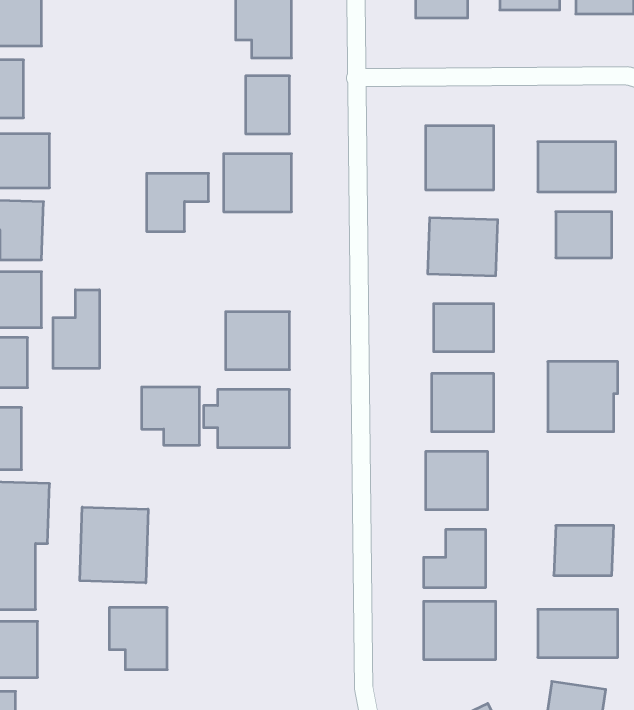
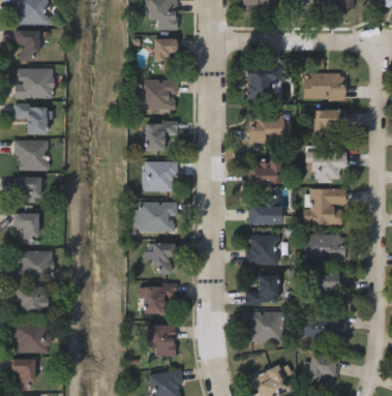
building: [147,173,209,231] -> [146,122,178,152]
building: [53,290,99,368] -> none
building: none -> [306,152,348,183]
building: [142,387,200,445] -> [146,243,176,273]
building: none -> [305,235,346,262]
building: [80,507,148,583] -> none
building: none -> [144,285,176,313]
building: [109,608,167,670] -> [147,325,177,357]

